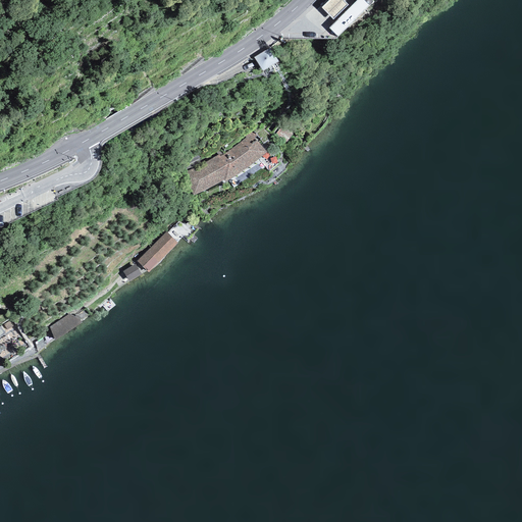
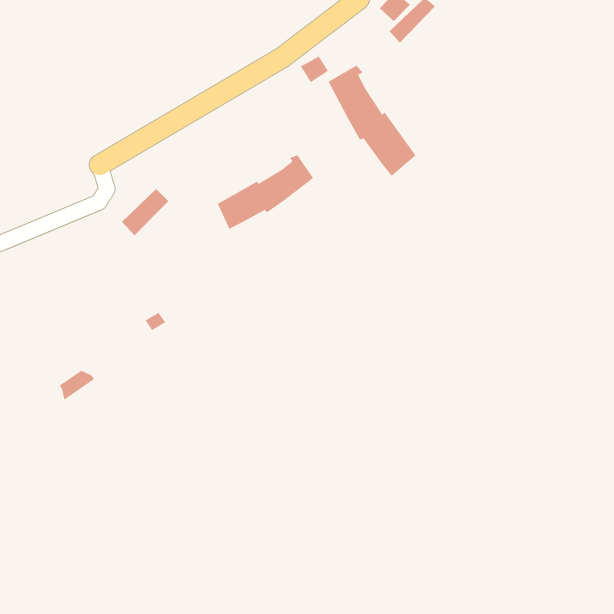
building: none -> [327,65,417,177]
building: [138,231,178,272] -> [121,188,169,236]

